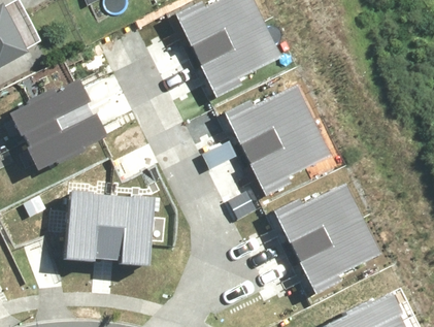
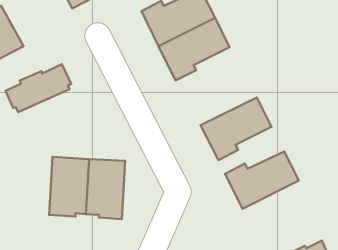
building: [225,83,313,152] -> none
building: [26,108,104,165] -> none
building: [296,219,381,294] -> none

